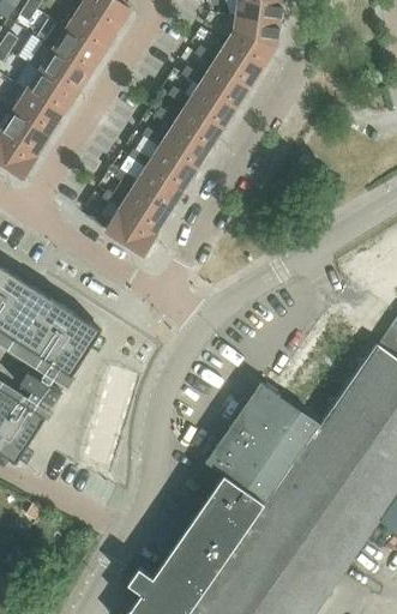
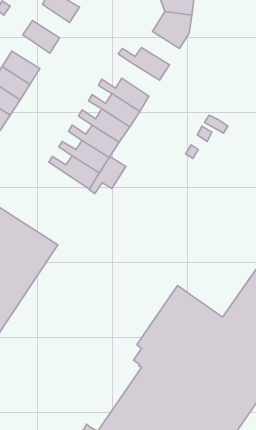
building: [66,10,115,54] -> none
building: [29,44,89,95] -> none
building: [193,46,261,90] -> none
building: [167,88,235,132] -> none
building: none -> [89,157,126,194]

